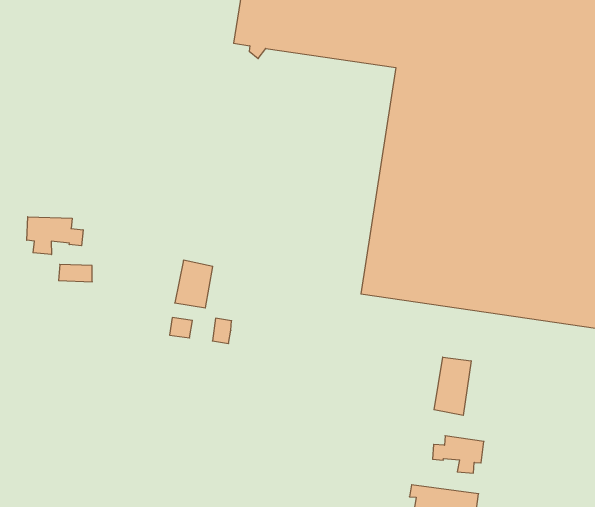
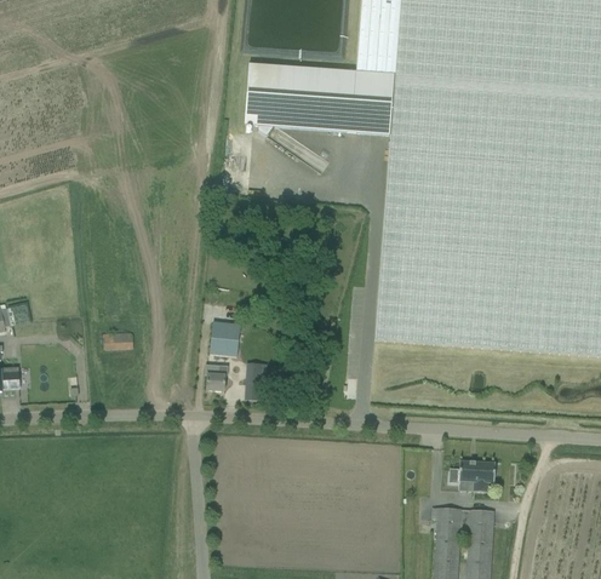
building: [27,217,83,255] -> none
building: [434,357,471,415] -> none

